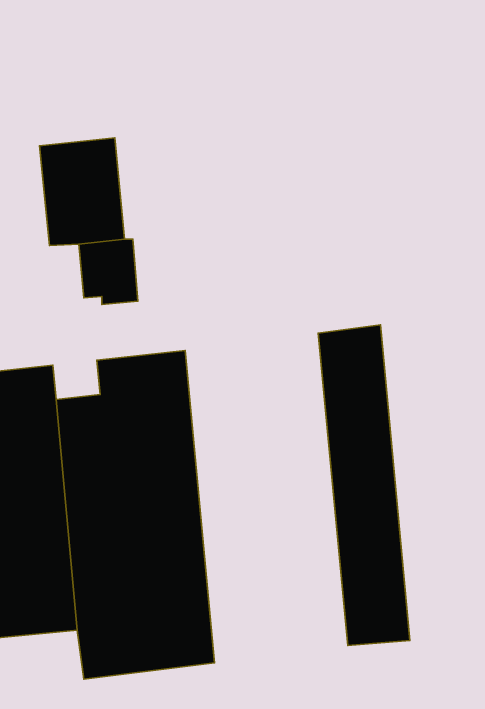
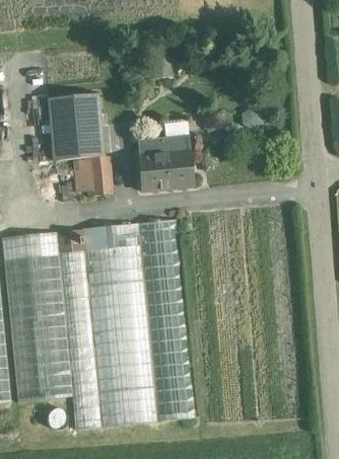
building: none -> [137,118,193,190]
building: [318,325,410,646] -> [139,219,196,417]

